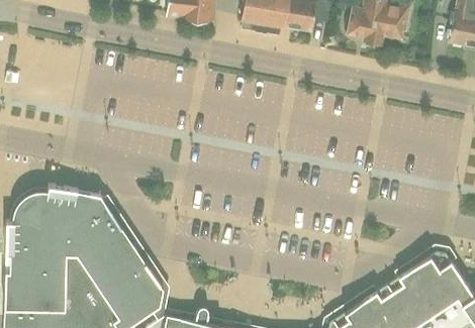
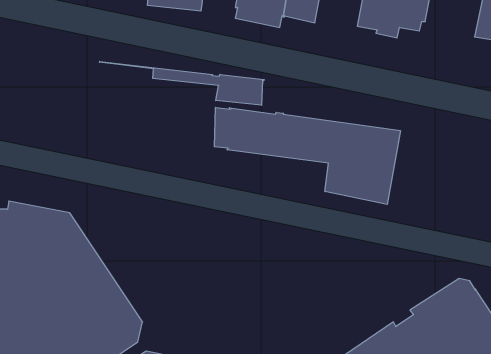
building: none -> [99,61,264,105]
building: none -> [214,107,400,204]

